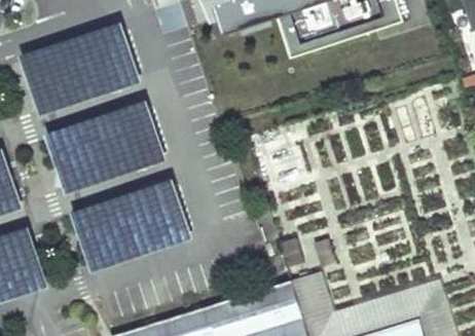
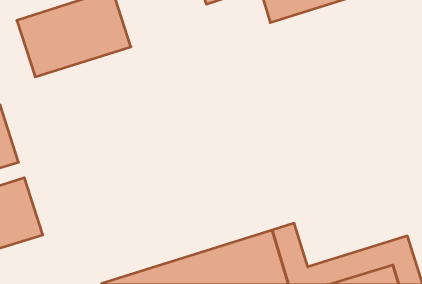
building: [43,99,165,191] -> none
building: [69,176,190,268] -> none

